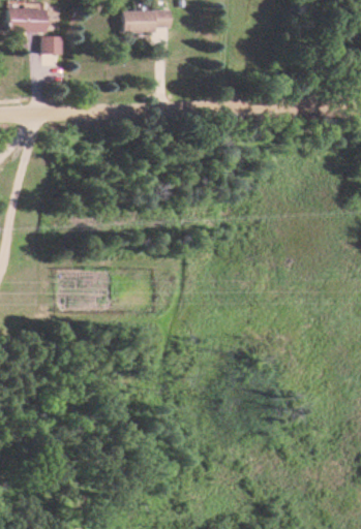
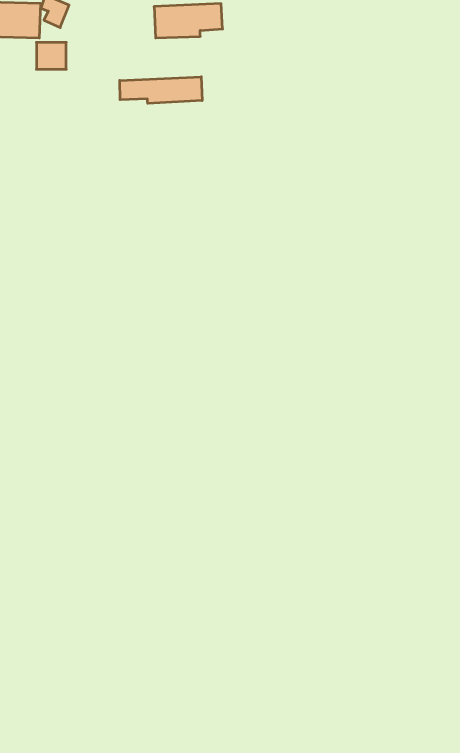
building: none -> [120,77,202,103]

